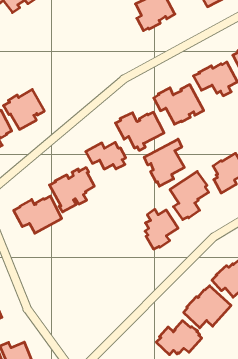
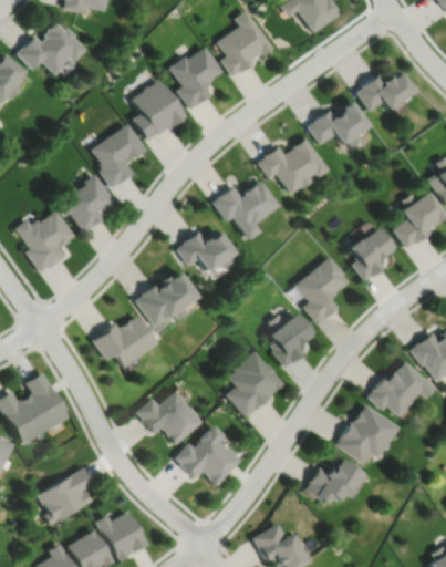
building: none -> [170,50,222,111]
building: none -> [132,82,185,142]
building: none -> [92,126,146,190]
building: [144,139,184,186] -> none
building: none -> [227,349,283,416]
building: none -> [138,390,199,444]
building: none -> [176,424,238,484]

